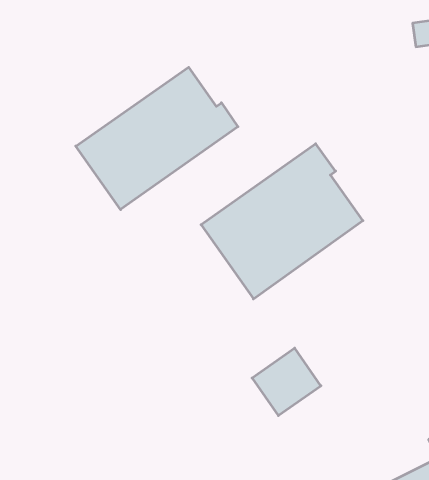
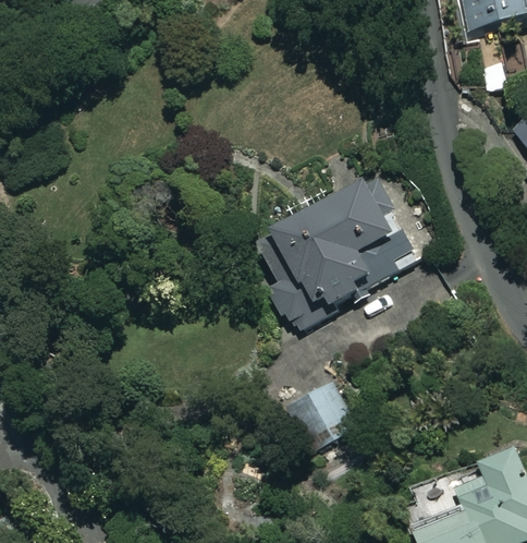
building: [76,67,238,210] -> none

